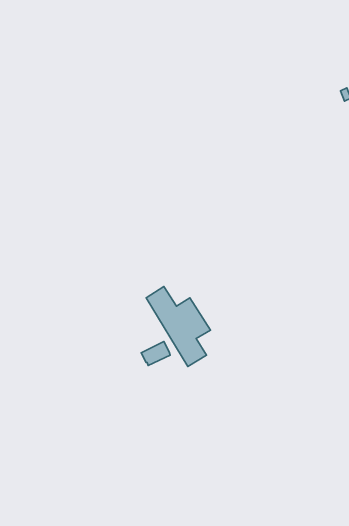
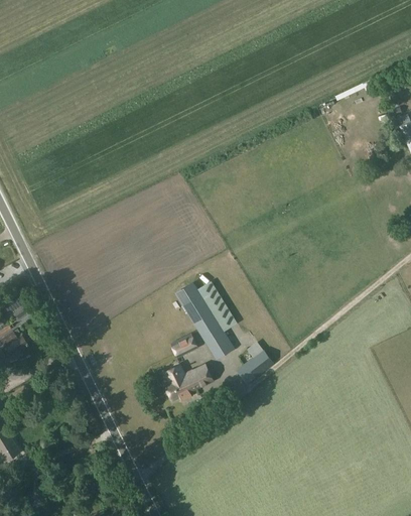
building: none -> [237,351,273,384]
building: none -> [165,365,213,402]

